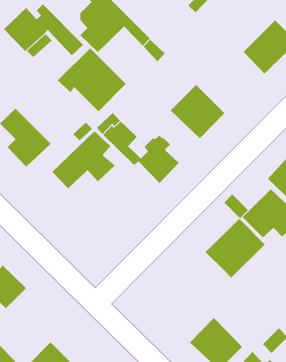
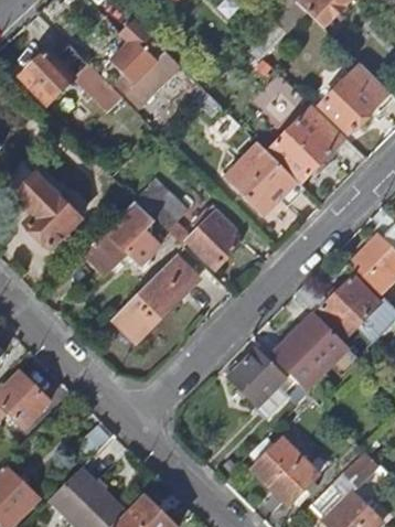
building: [57,48,126,112] -> none
building: none -> [273,107,345,181]
building: none -> [113,257,195,340]
building: none -> [228,345,296,417]

